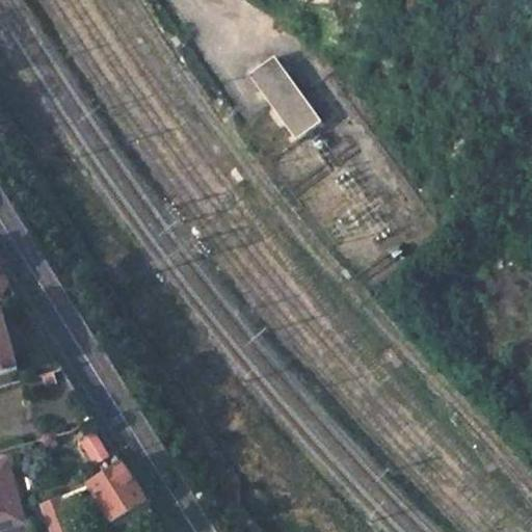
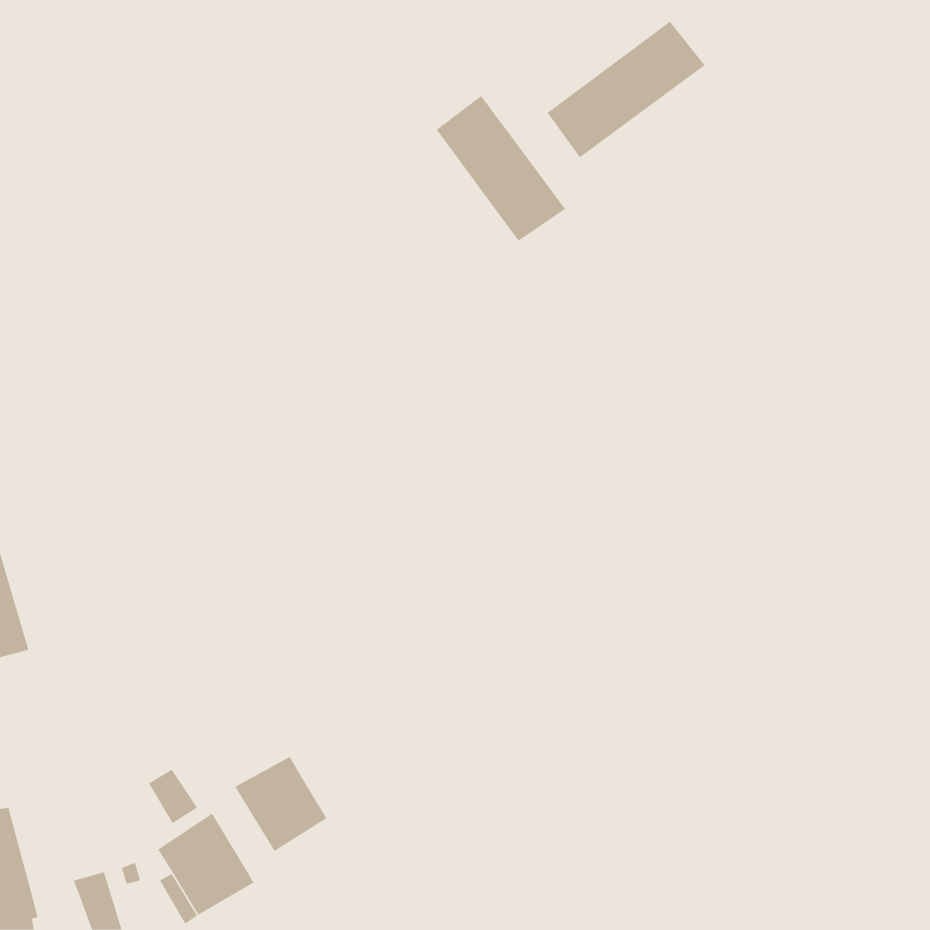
building: none -> [547,21,705,158]
building: none -> [235,756,327,852]

